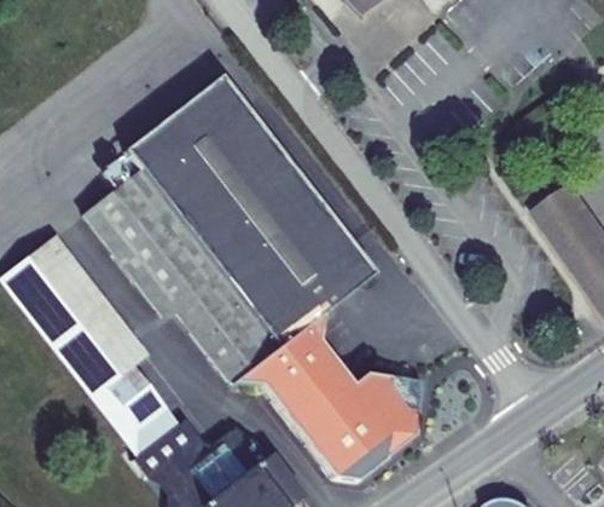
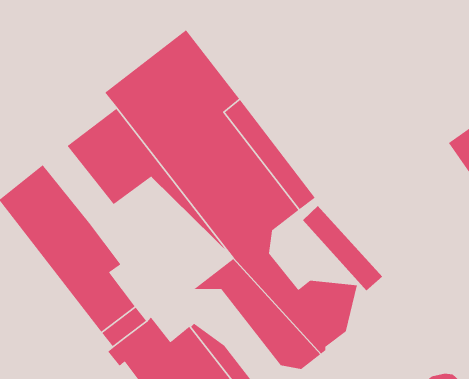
building: [137,250,278,384] -> none
building: none -> [302,205,383,291]

